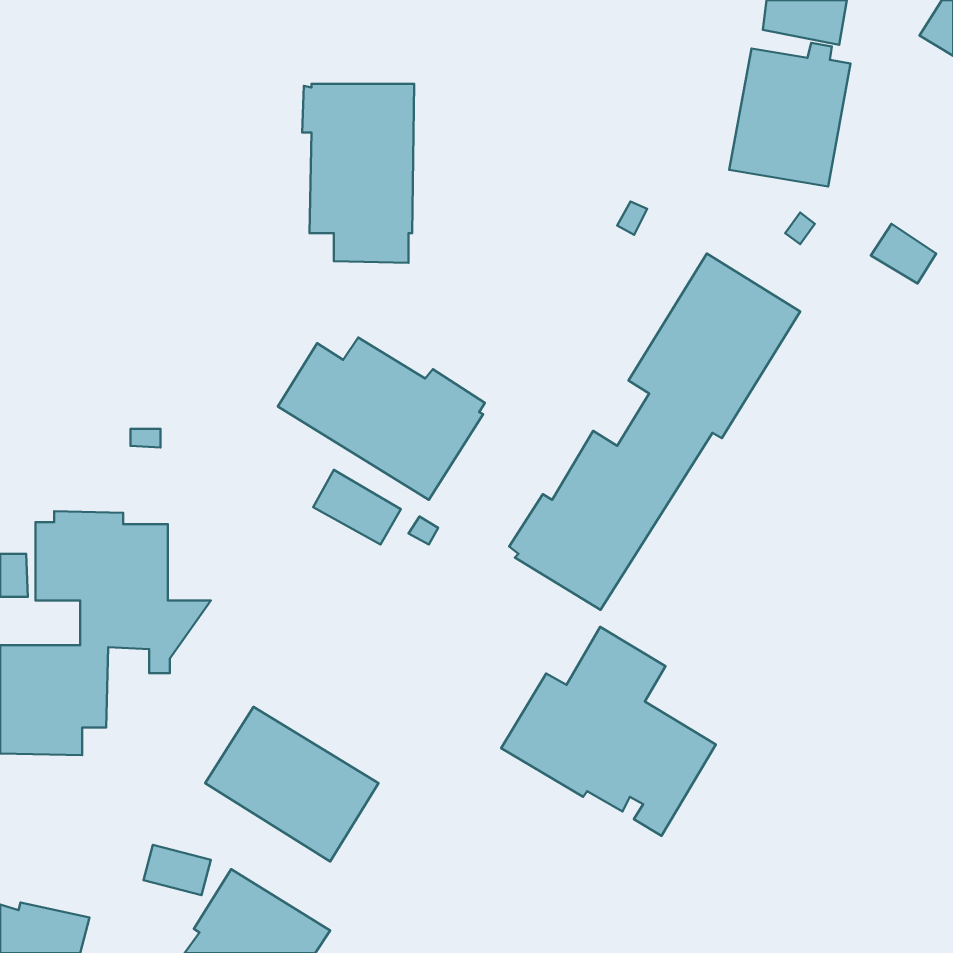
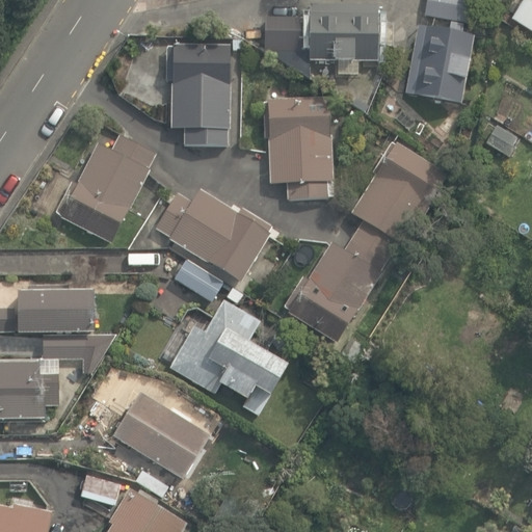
building: none -> [266,5,379,80]
building: none -> [269,99,335,201]
building: none -> [55,134,157,240]
building: [501,627,716,836] -> [167,297,287,414]

